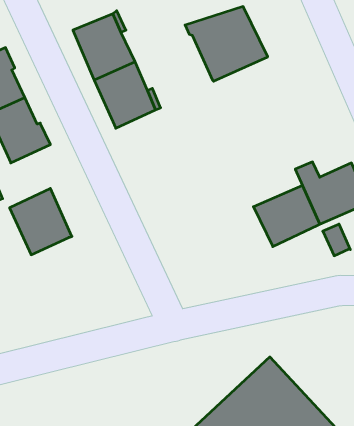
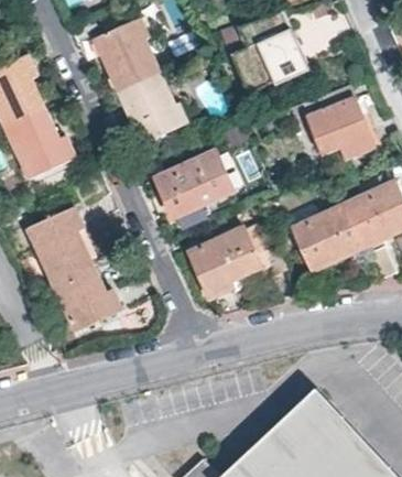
building: none -> [300,85,373,158]
building: none -> [154,150,237,218]
building: none -> [189,220,286,295]
building: none -> [51,261,119,330]

